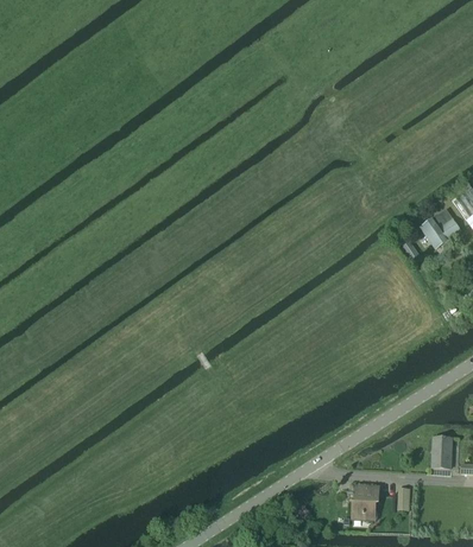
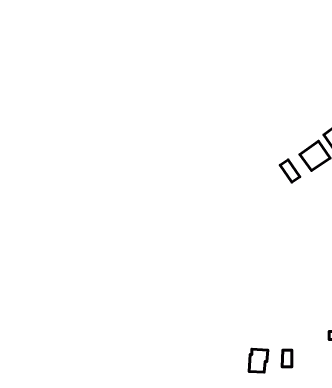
building: [433,435,452,466] -> none

